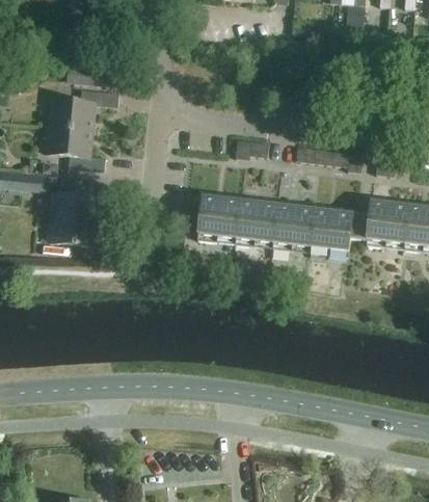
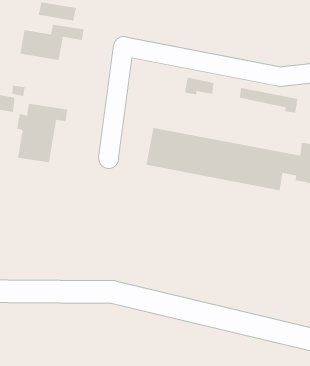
building: [46,124,106,168] -> none

